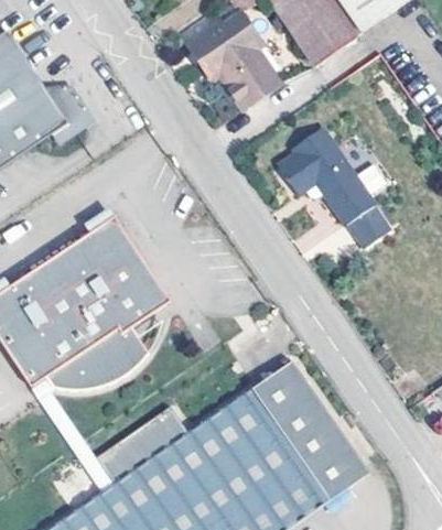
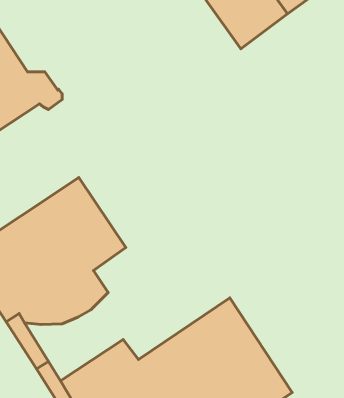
building: [176,7,273,104] -> none
building: [273,122,388,246] -> none

